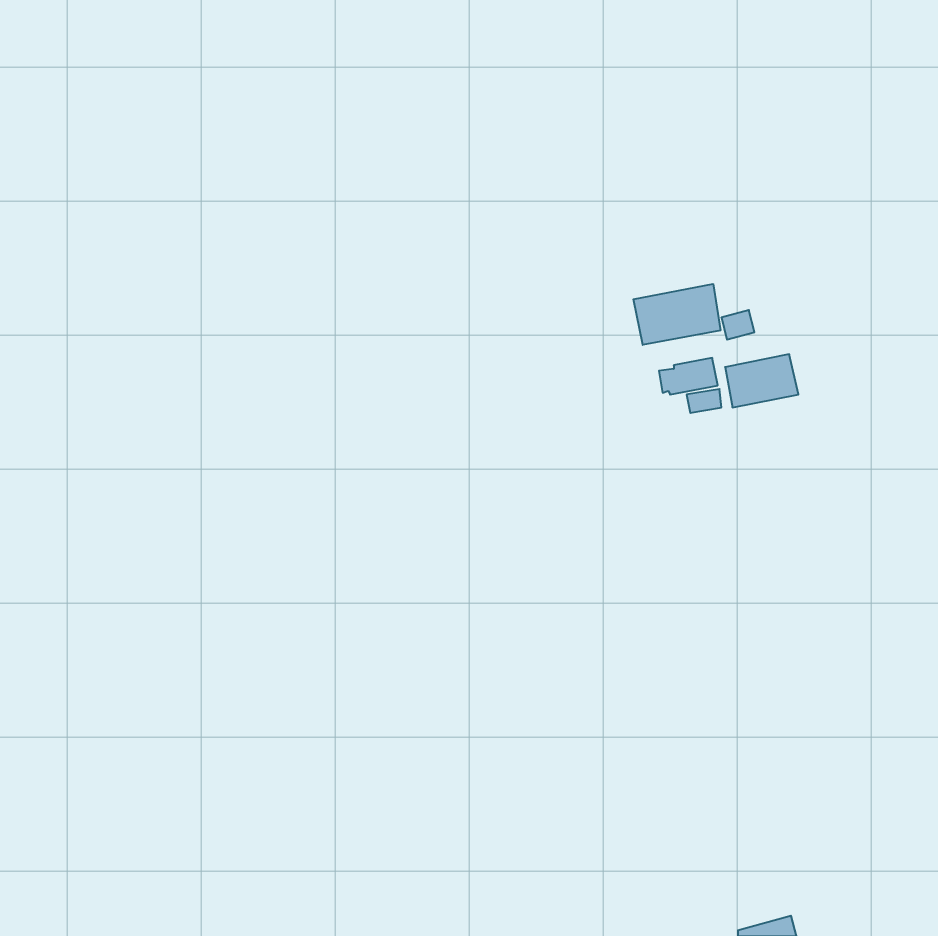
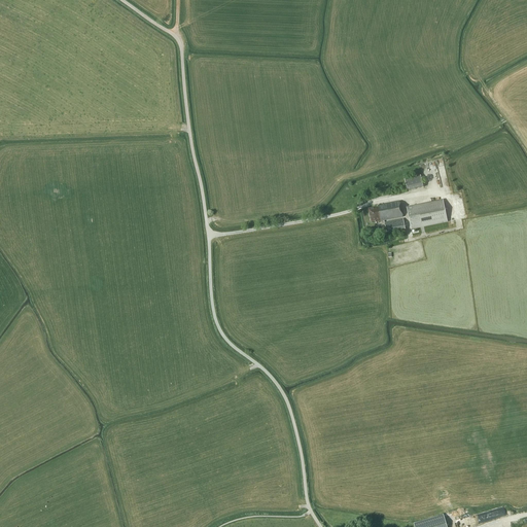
building: [633,284,720,345] -> none

